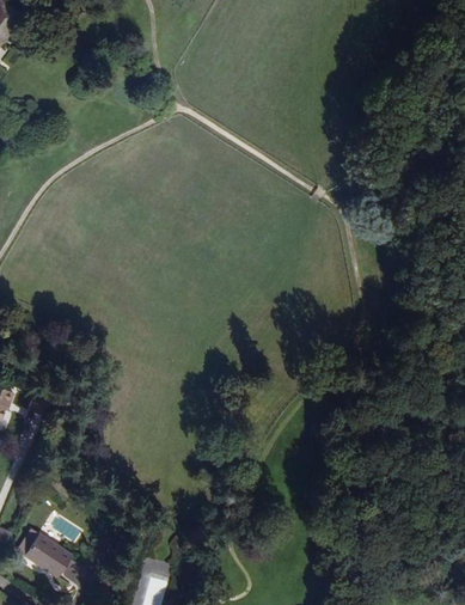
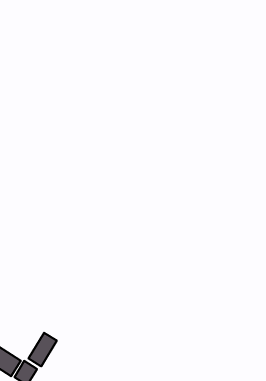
building: none -> [29,333,57,366]

